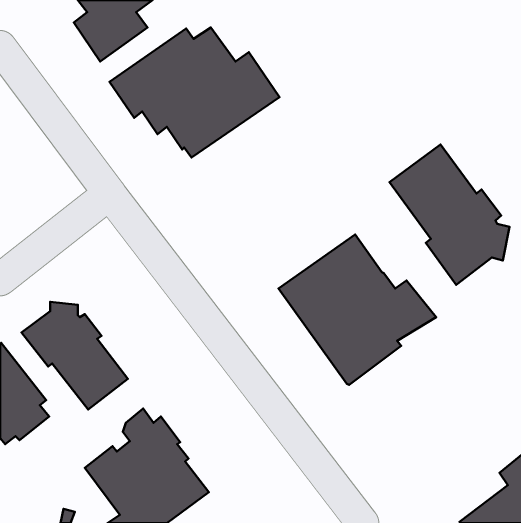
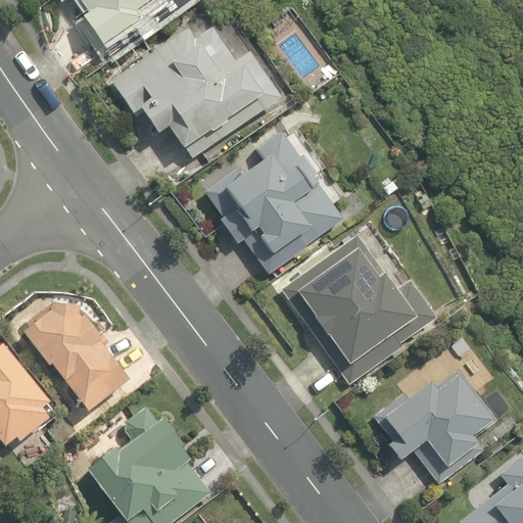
building: none -> [209,132,342,271]
building: [390,145,509,285] -> none
building: none -> [375,371,493,483]

